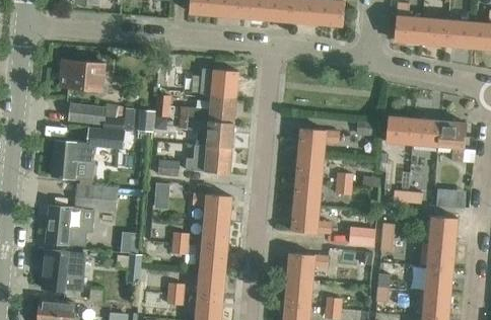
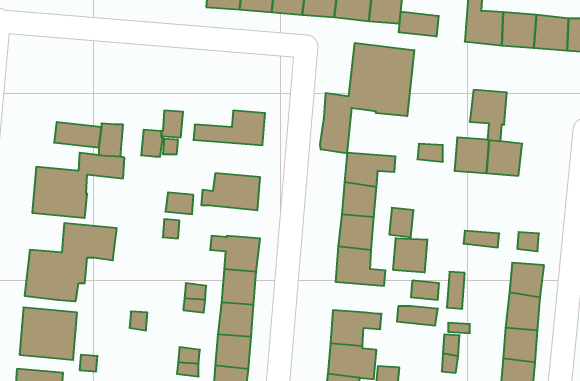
building: none -> [399,12,439,37]
building: none -> [320,43,414,153]
building: [59,60,104,91] -> none
building: [199,69,237,97] -> none
building: [178,118,233,148] -> none
building: [436,122,466,162] -> [470,90,507,141]
building: none -> [393,238,427,273]

